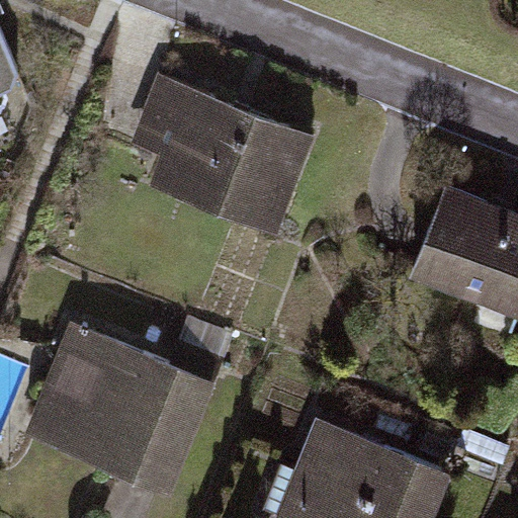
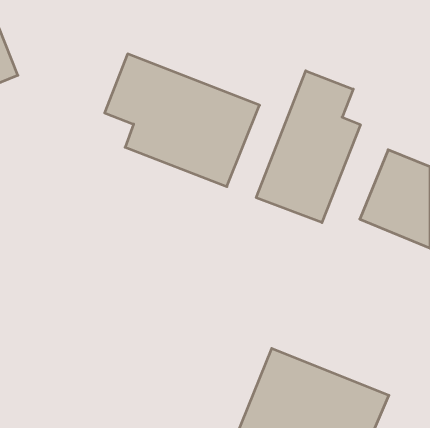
building: none -> [256,71,360,223]
building: [20,325,217,496] -> none

